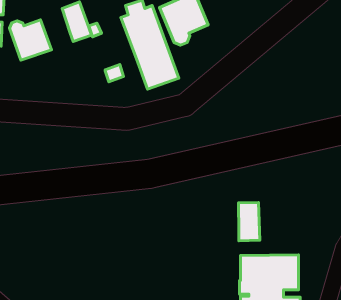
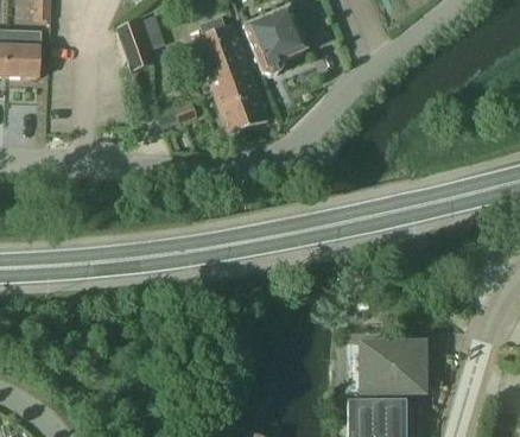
building: [9,20,51,60] -> none
building: [238,203,260,241] -> none

